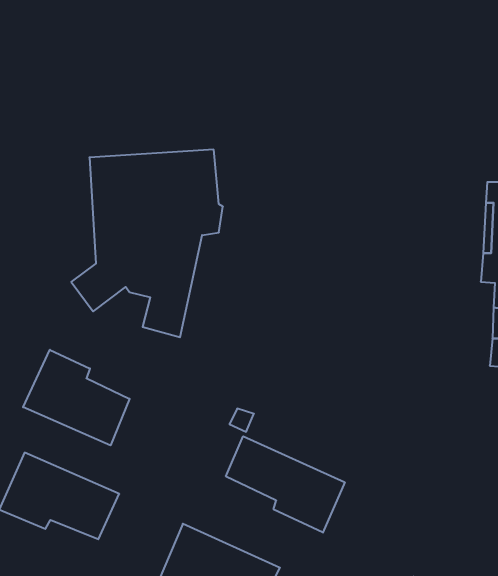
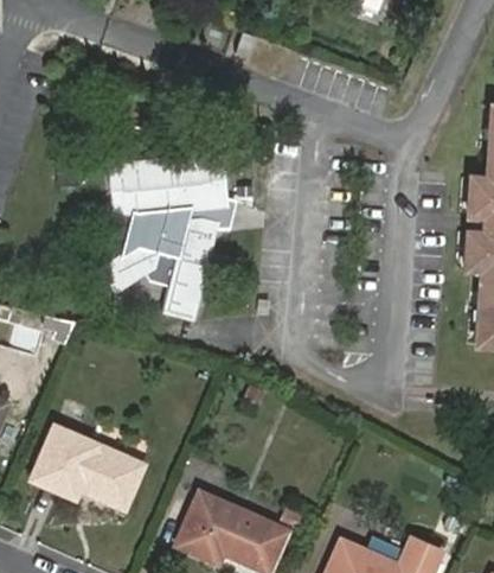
building: [23,350,130,445] -> none
building: [226,436,345,533] -> none

